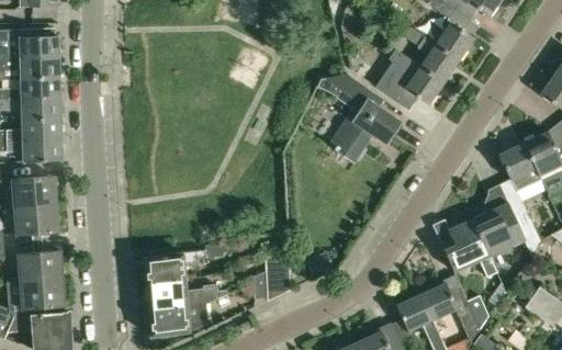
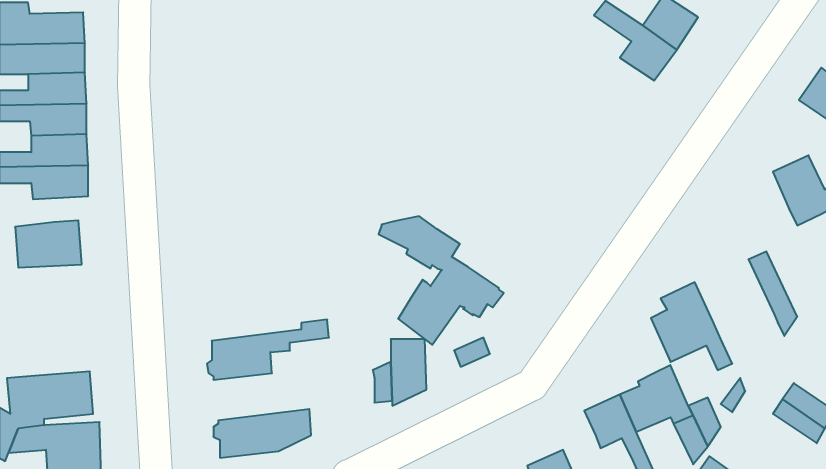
building: [375,48,443,109] -> none
building: [318,74,403,160] -> [379,216,504,345]
building: [498,143,540,190] -> none
building: [471,202,525,256] -> none
building: [14,205,59,236] -> none
building: [18,249,63,281] -> none
building: [146,279,228,311] -> none

